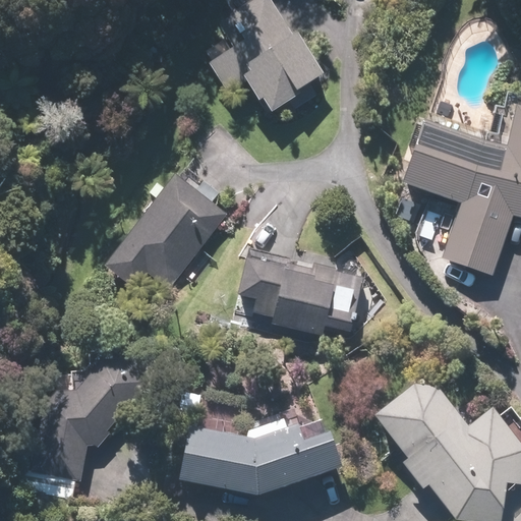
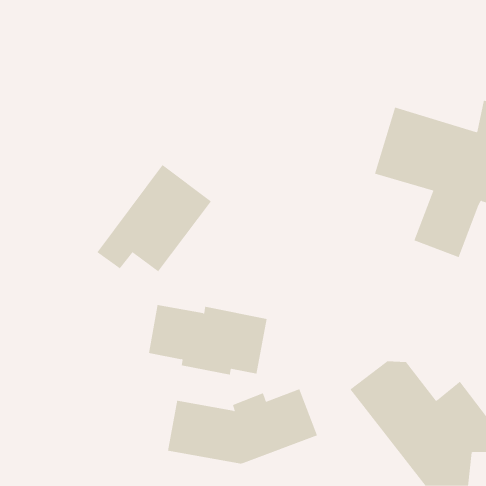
building: [210,4,325,114] -> none
building: [236,259,363,335] -> [148,304,268,375]
building: [37,346,151,479] -> none

